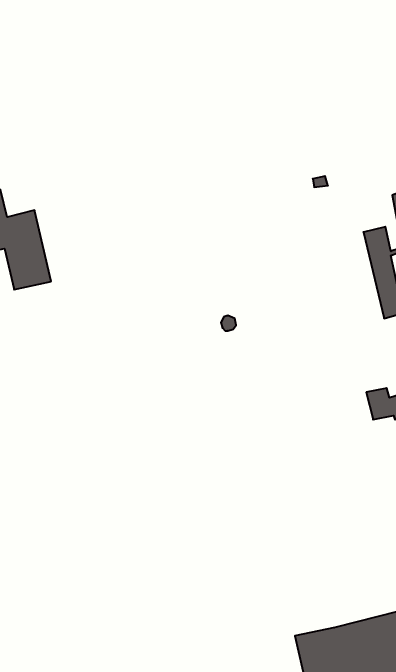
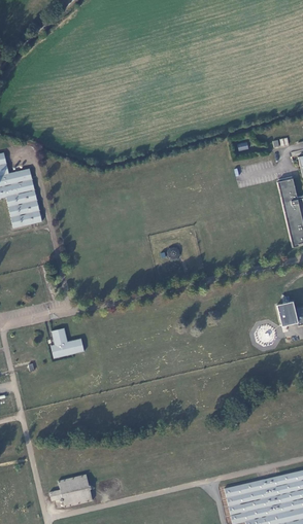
building: none -> [50,328,83,358]
building: none -> [50,475,93,506]

